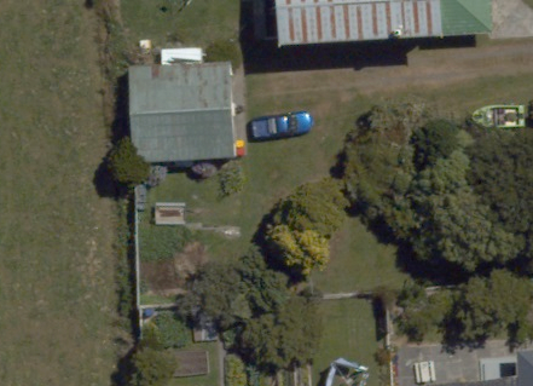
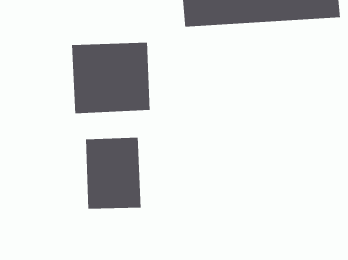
building: none -> [85,137,142,210]

